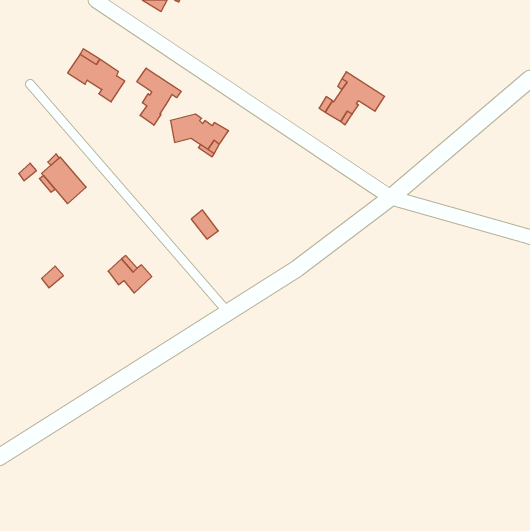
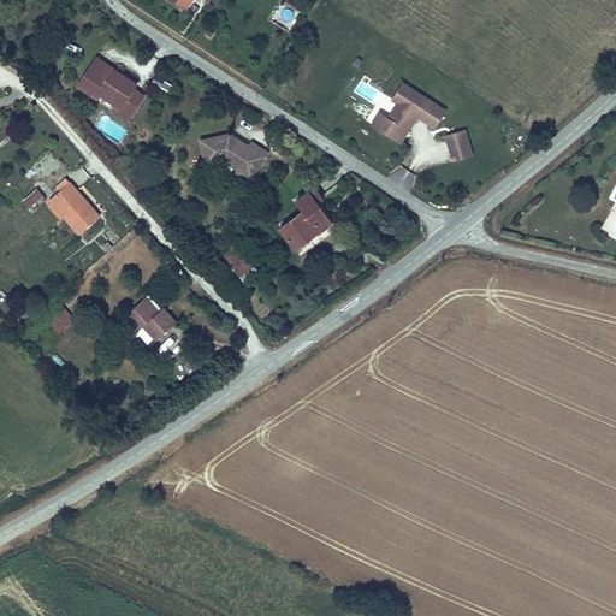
building: [137,68,181,125] -> none
building: none -> [444,131,470,162]
building: none -> [279,184,333,249]

